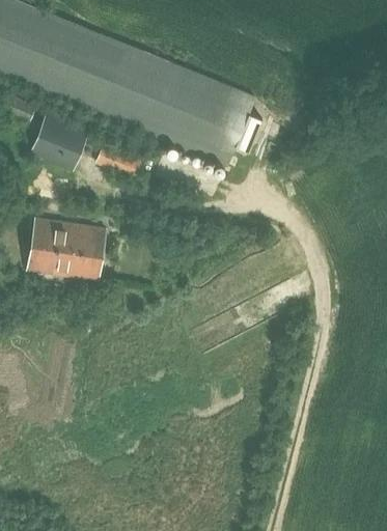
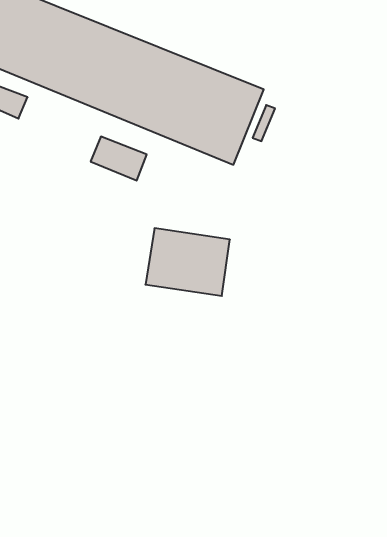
building: [30,112,90,169] -> none
building: [28,217,106,279] -> [145,228,230,296]

